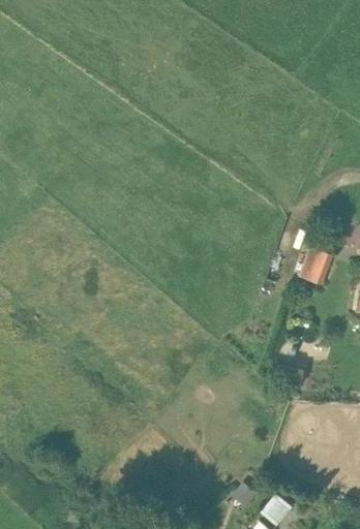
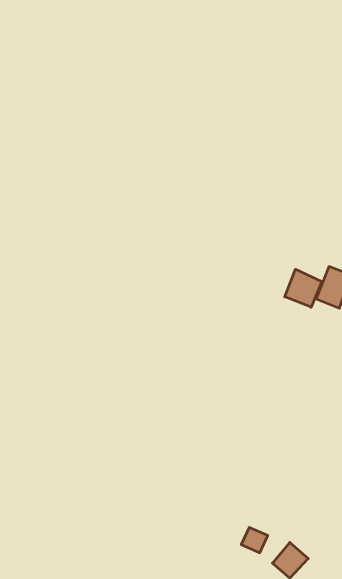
building: none -> [285,269,322,307]

